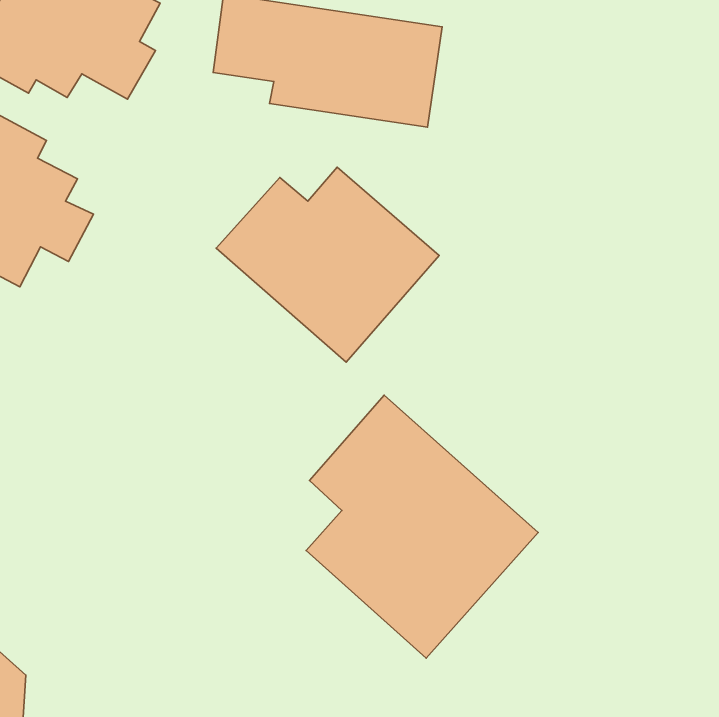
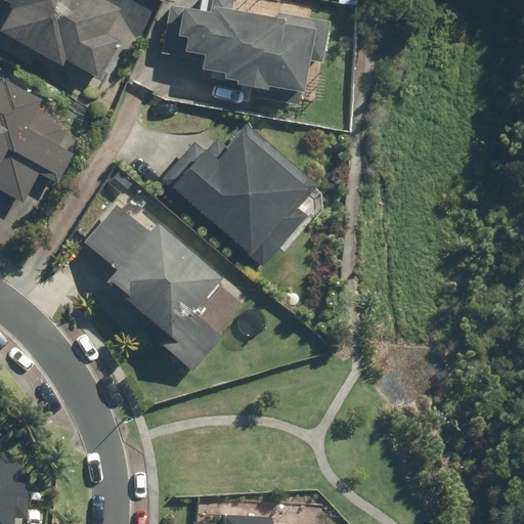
building: none -> [82,200,225,376]
building: [306,395,538,658] -> none

